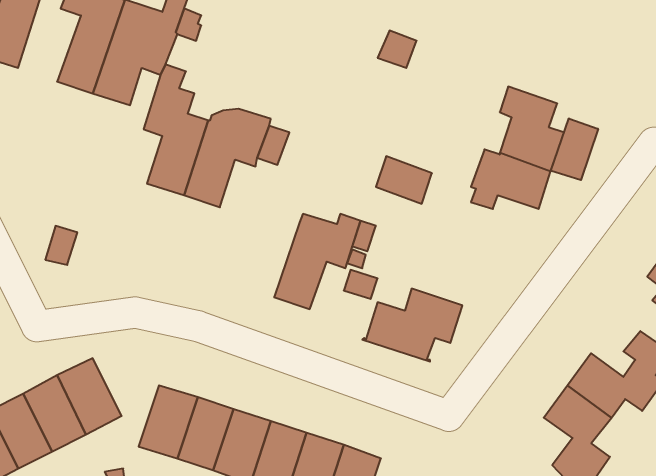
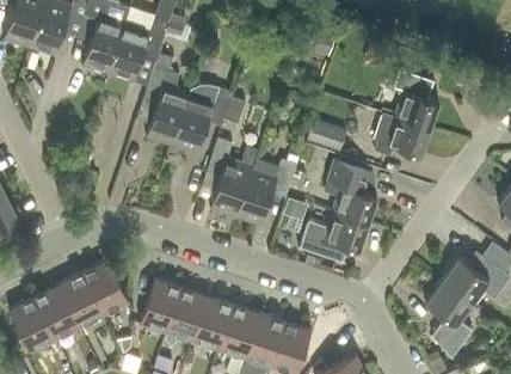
building: [551,118,598,180] -> none
building: none -> [207,137,257,217]
building: none -> [324,160,377,223]

